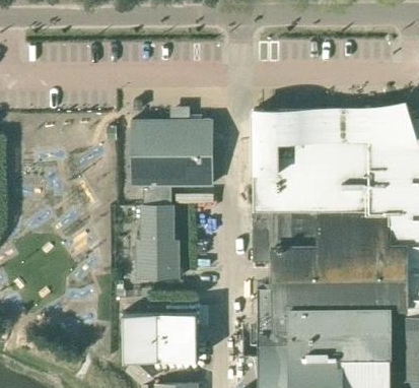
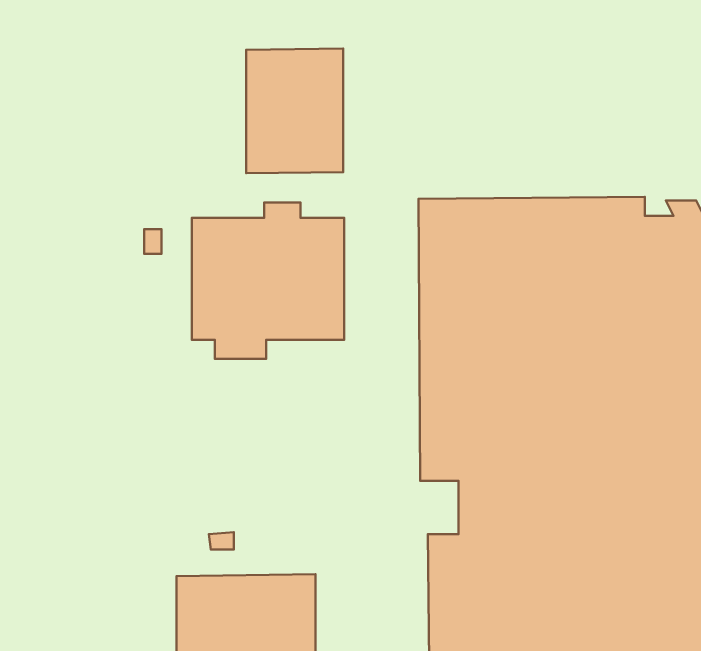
building: none -> [246,49,343,173]
building: [136,196,178,280] -> none

